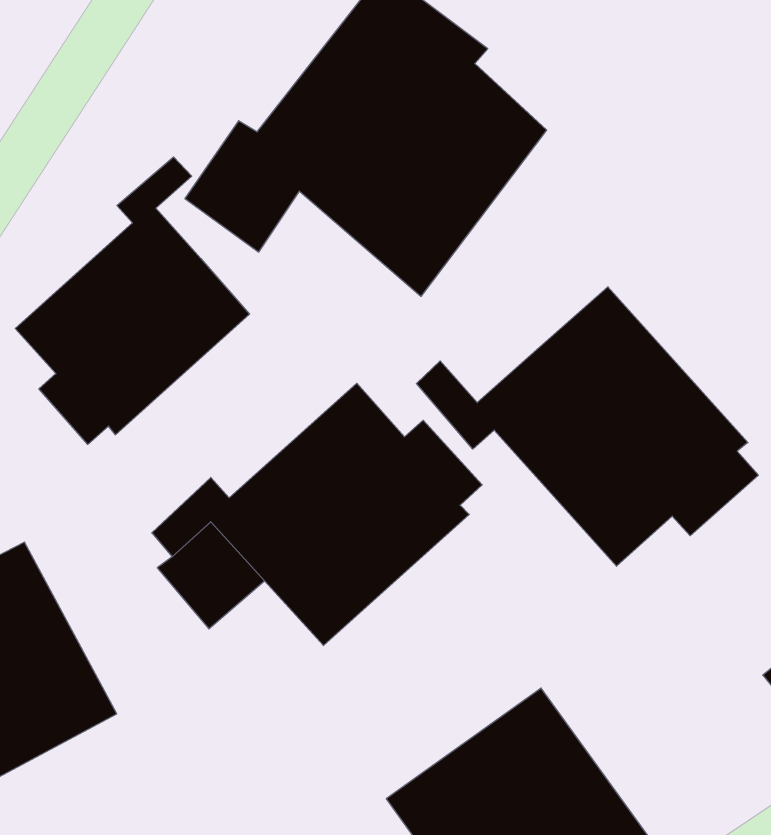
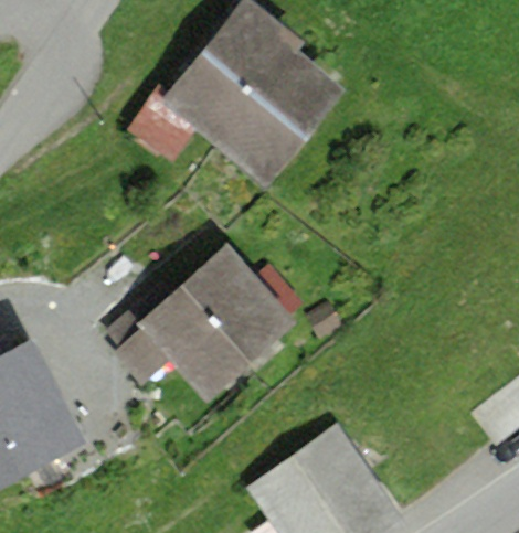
building: [15,157,250,444] -> none
building: [416,287,758,566] -> none

